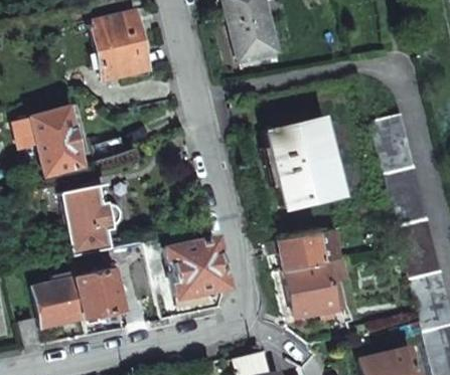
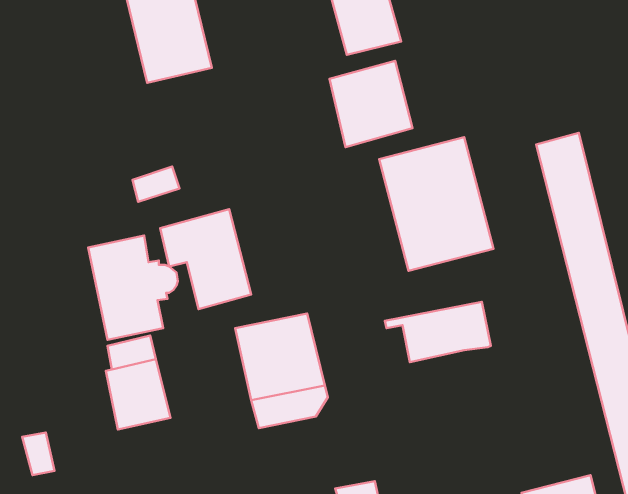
building: none -> [329,61,412,147]
building: [21,107,84,175] -> [160,209,251,309]
building: [285,260,344,317] -> none
building: [34,276,85,327] -> none

